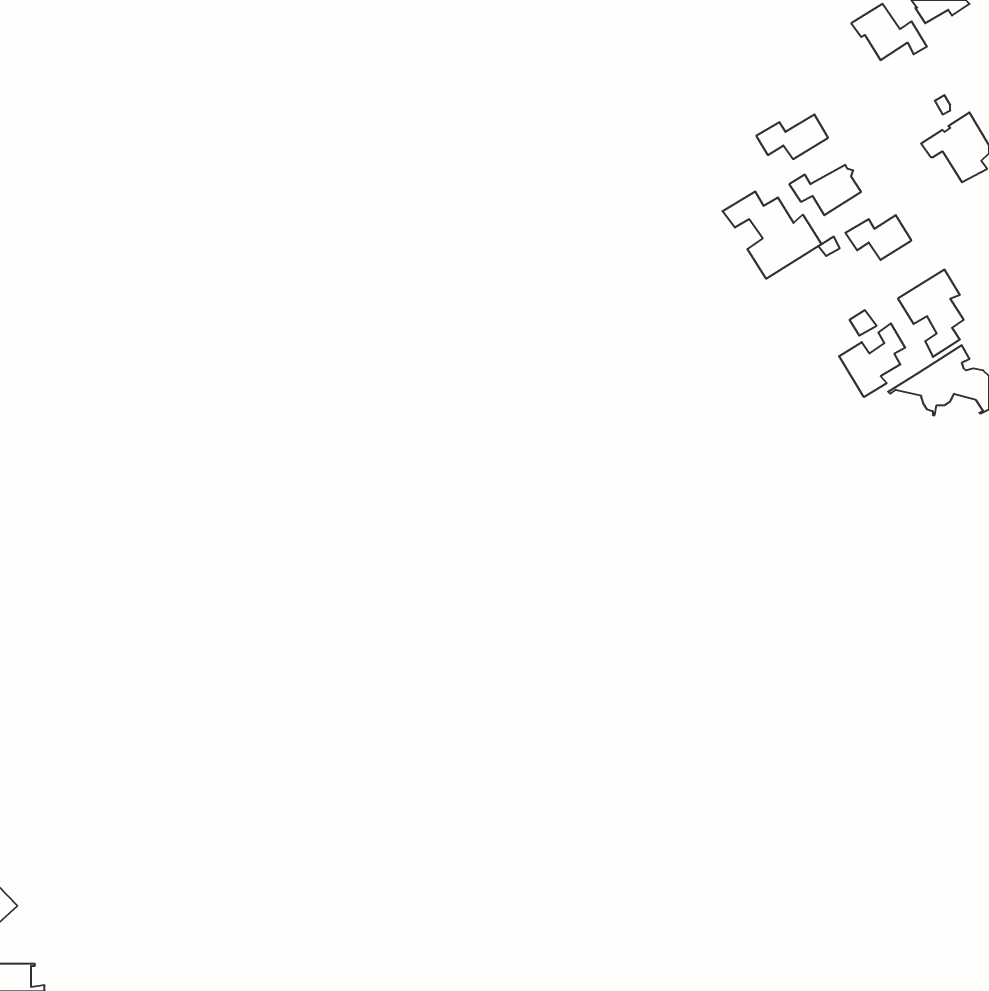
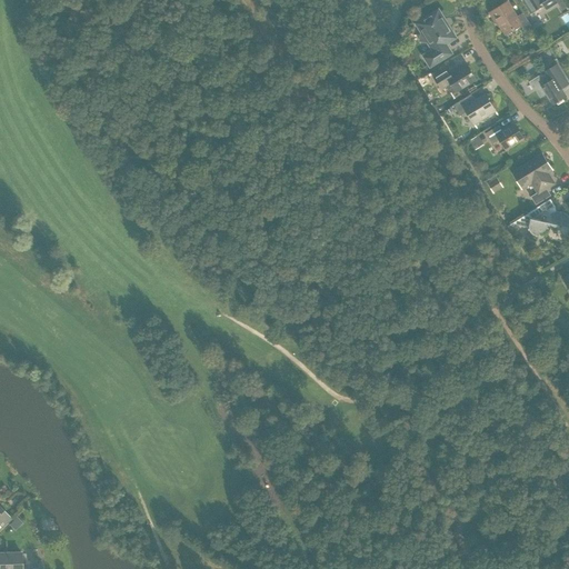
building: none -> [417,11,453,66]
building: [722,191,822,279] -> none
building: [839,323,905,397] -> none

